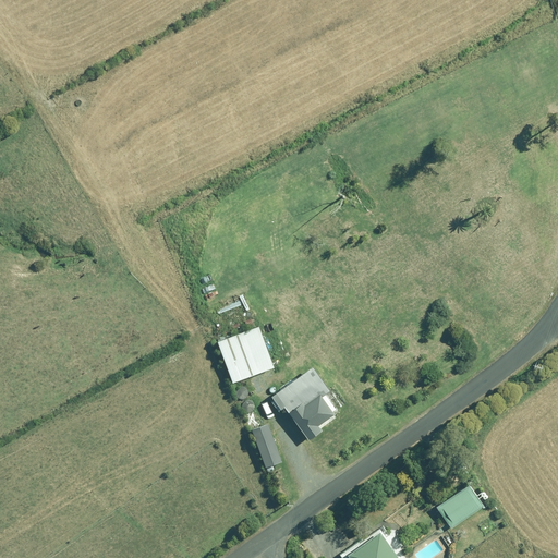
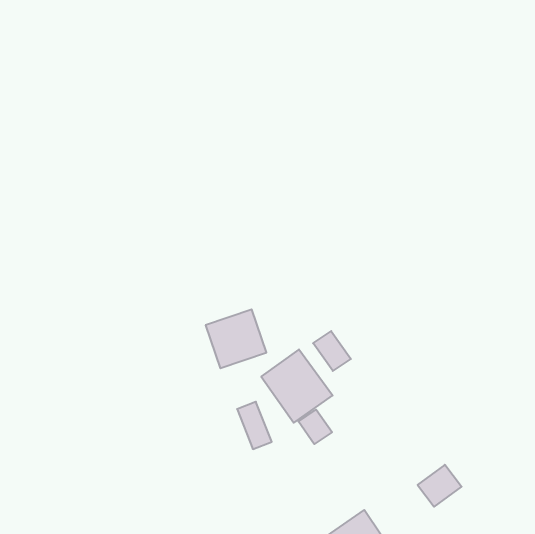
building: none -> [313,331,351,371]
building: none -> [298,410,332,444]

